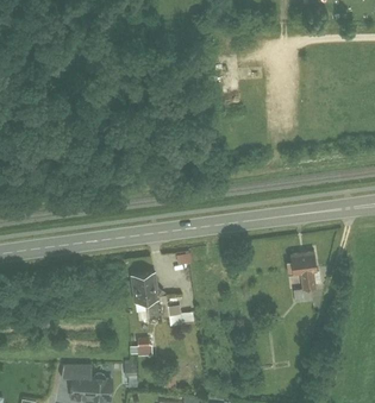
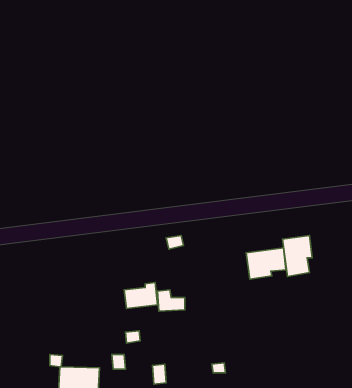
building: none -> [246,248,286,279]
building: [131,273,156,303] -> none

